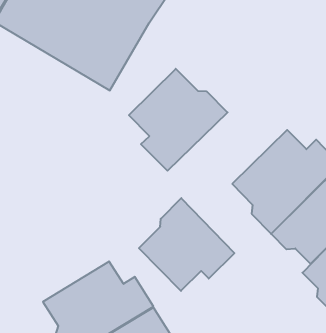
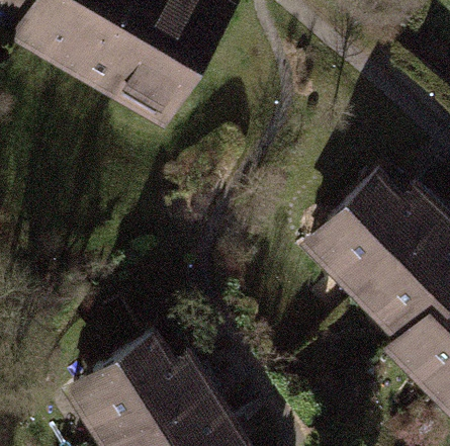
building: [129,69,228,171] -> none
building: [139,198,234,291] -> none

